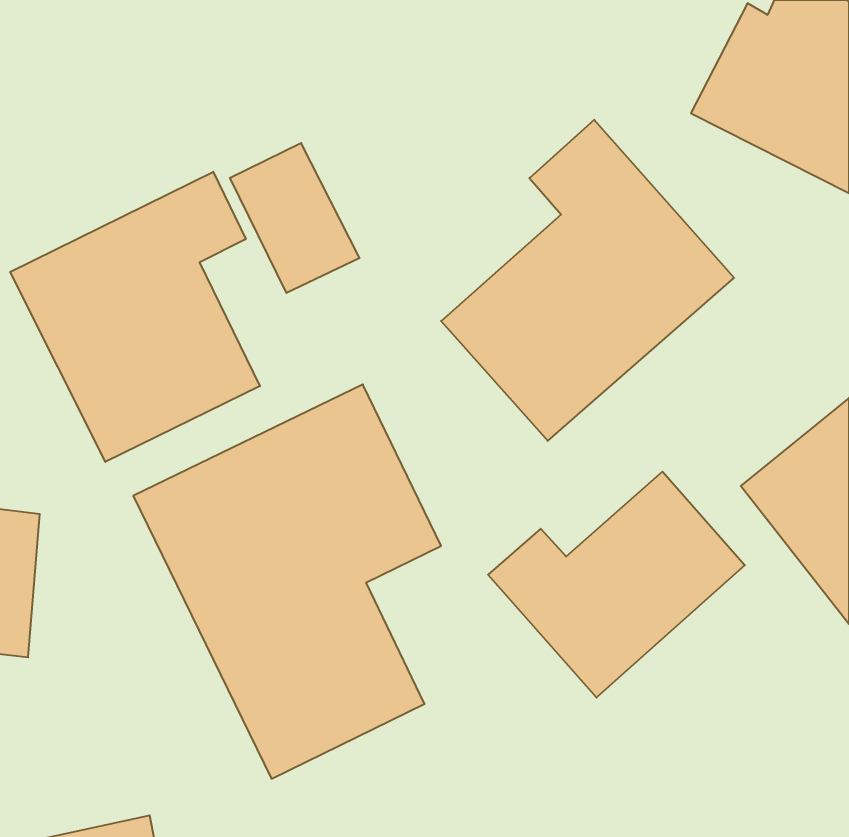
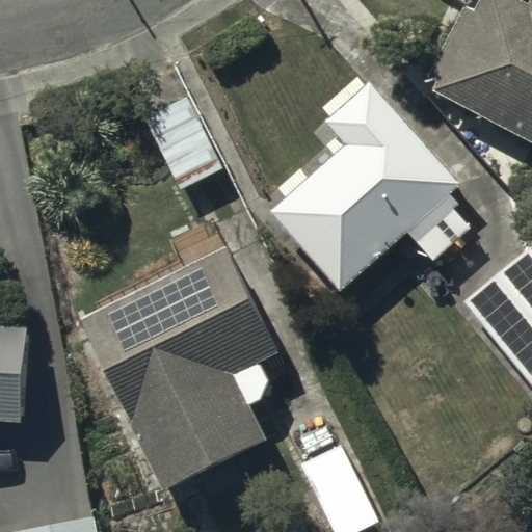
building: [10,172,260,462] -> none
building: [488,472,745,698] -> none

